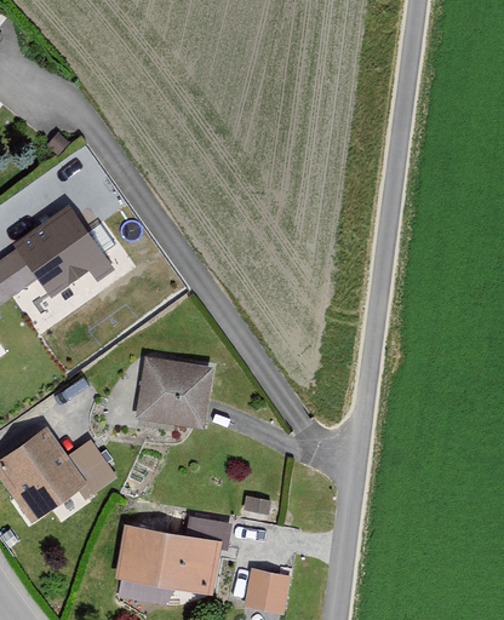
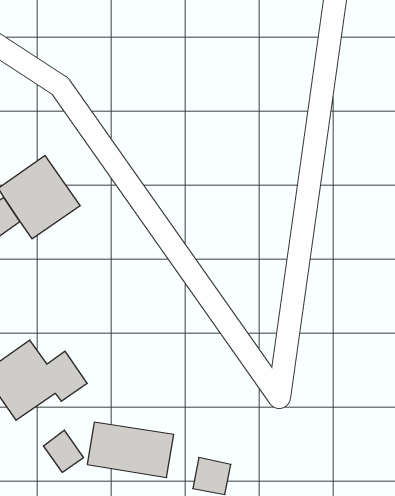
building: [137,361,208,425] -> none
building: none -> [43,430,84,472]

